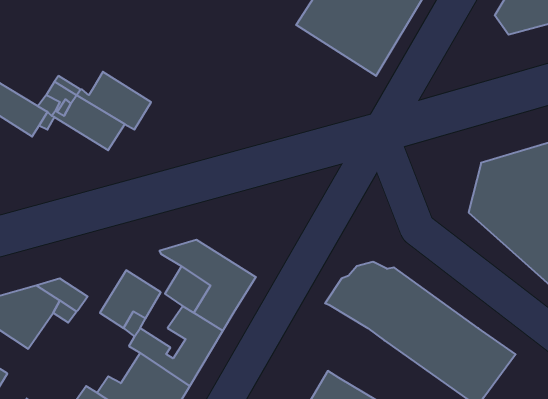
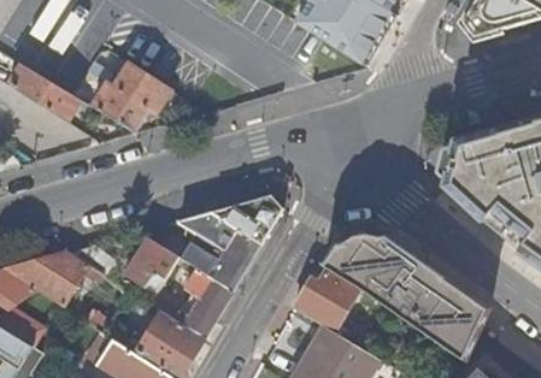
building: none -> [210,194,282,243]
building: none -> [294,267,359,331]

